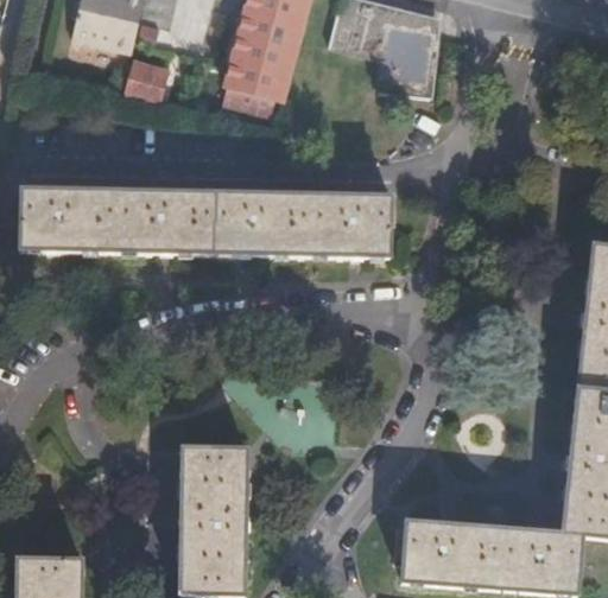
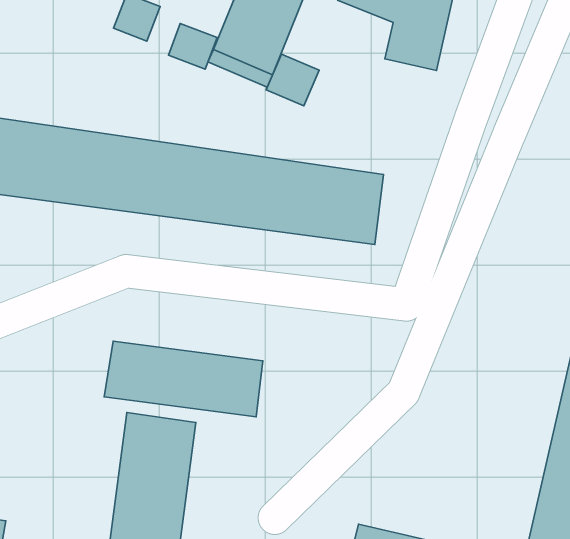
building: none -> [168,23,217,69]
building: none -> [266,54,319,106]
building: none -> [104,341,263,417]

